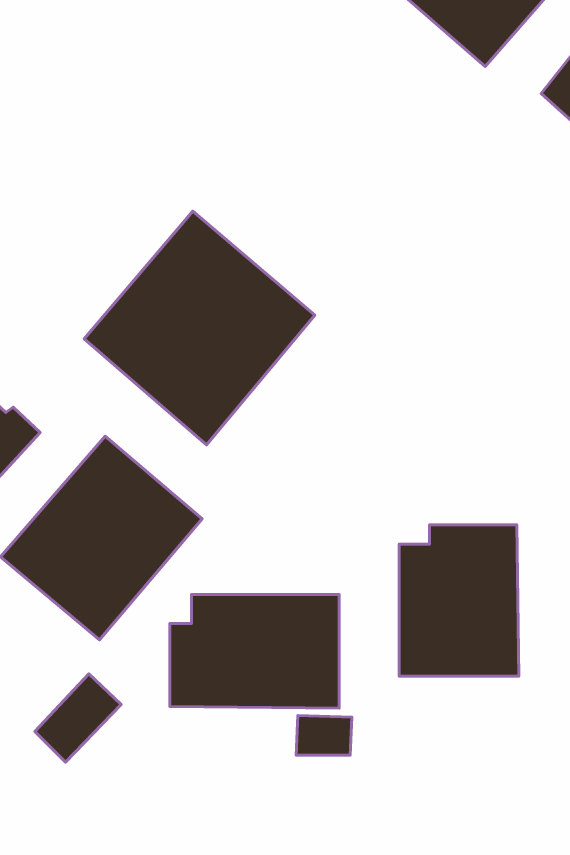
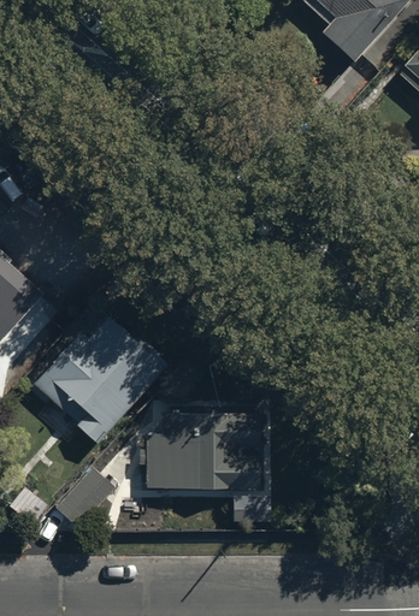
building: [84,211,315,445] -> none
building: [399,525,519,676] -> none

